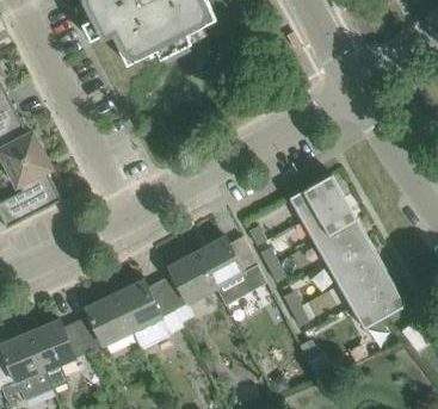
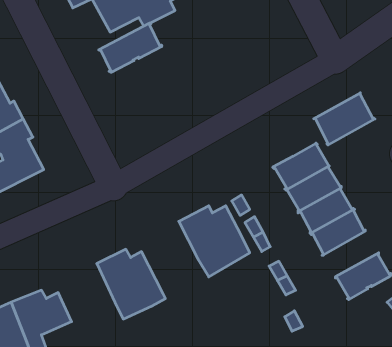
building: none -> [99,23,162,72]
building: none -> [314,93,375,145]
building: [158,252,214,323] -> none
building: [338,261,393,306] -> none
building: [75,293,131,351] -> none

